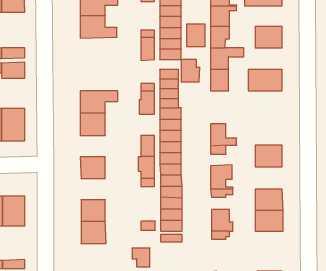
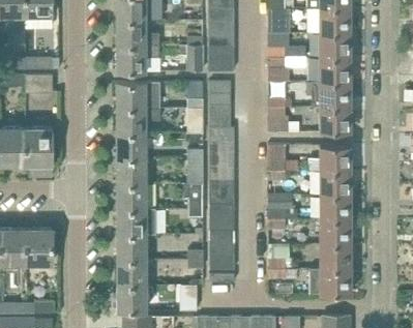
building: none -> [320,9,351,33]
building: [187,24,205,47] -> none
building: none -> [117,46,159,72]
building: none -> [320,58,351,83]
building: [181,60,200,82] -> [268,108,290,133]
building: none -> [117,83,160,108]
building: none -> [320,108,351,132]
building: none -> [308,146,351,172]
building: none -> [117,159,146,184]
building: none -> [320,196,351,221]
building: none -> [118,209,155,234]
building: none -> [309,270,352,295]
building: none -> [118,285,147,311]

